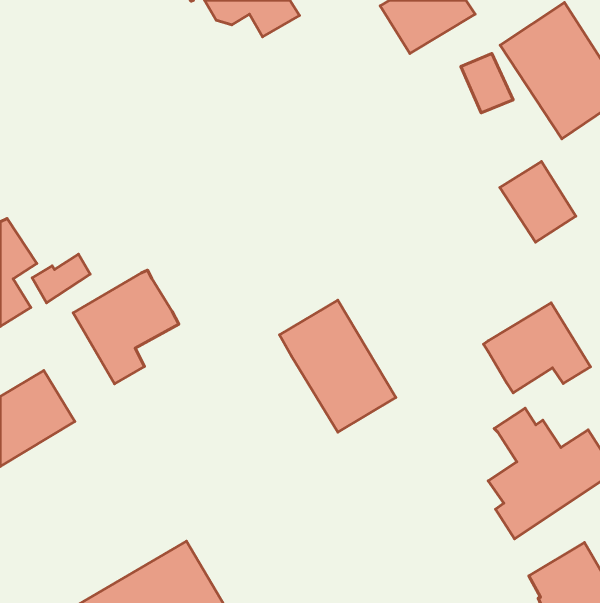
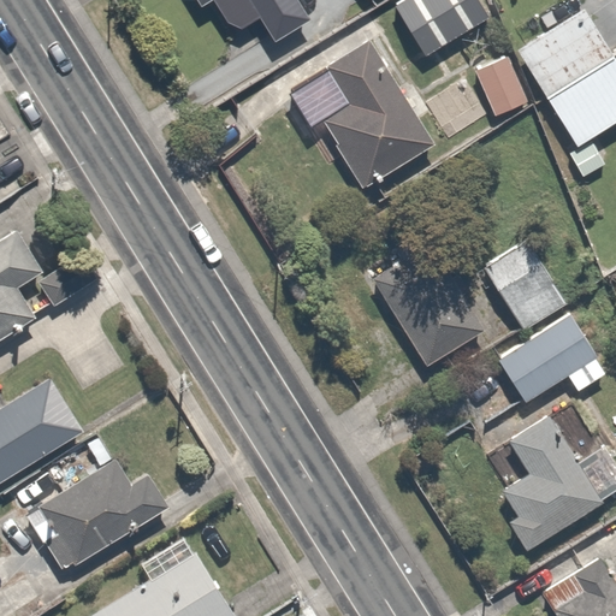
building: none -> [322,40,432,186]
building: [500,162,576,242] -> [488,247,565,328]
building: [73,270,179,384] -> none
building: [280,300,396,432] -> [365,232,482,366]
building: none -> [20,438,167,573]

